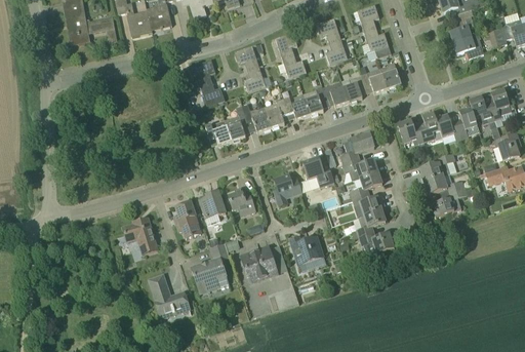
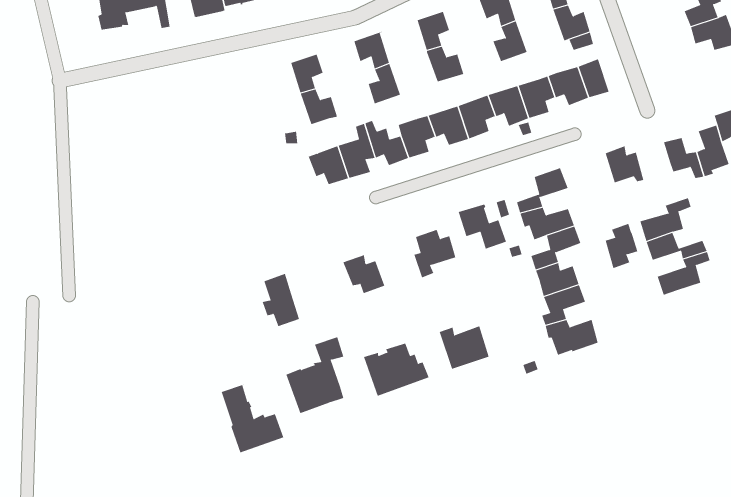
building: [418,112,440,142] -> [605,223,638,269]
building: [200,191,226,218] -> none
building: [123,220,158,253] -> none

